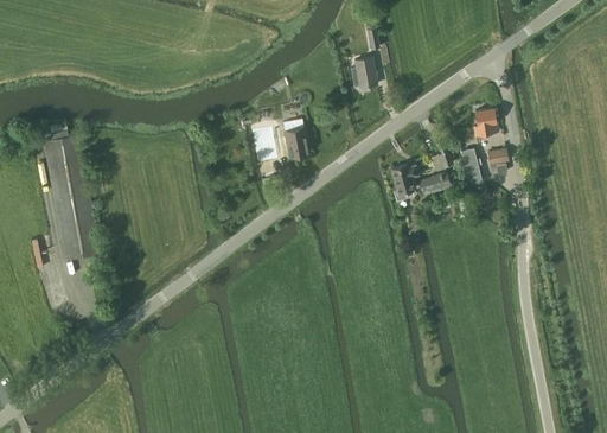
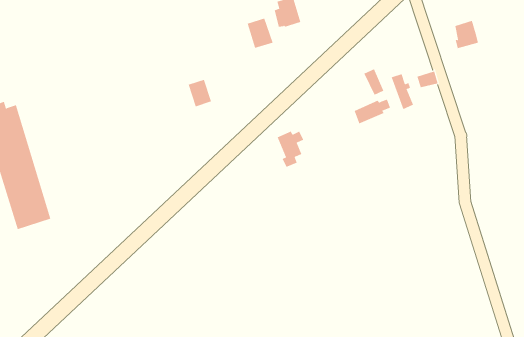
building: [473,108,497,135] -> [455,20,479,49]
building: [283,127,308,157] -> [247,18,274,48]
building: [390,164,417,200] -> [277,131,304,168]

